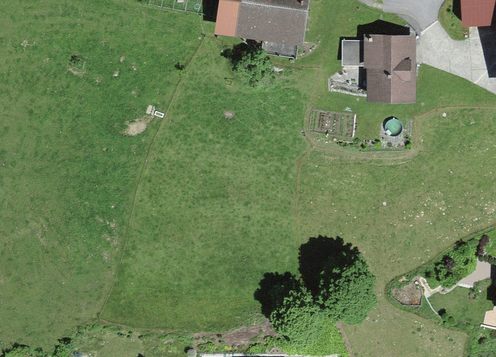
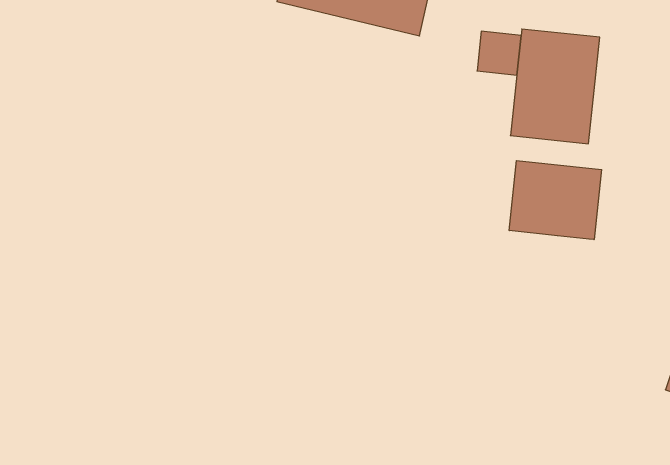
building: none -> [509,161,602,240]

